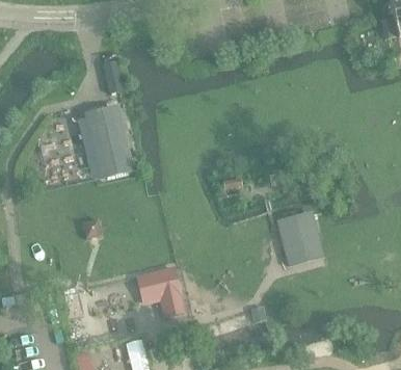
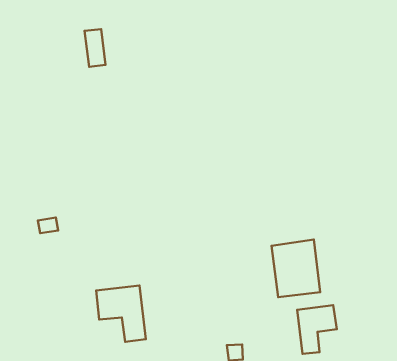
building: [90,110,129,175] -> none
building: none -> [297,305,337,354]

